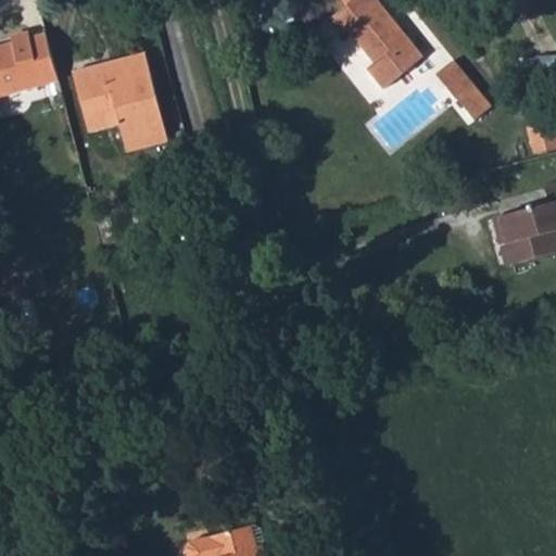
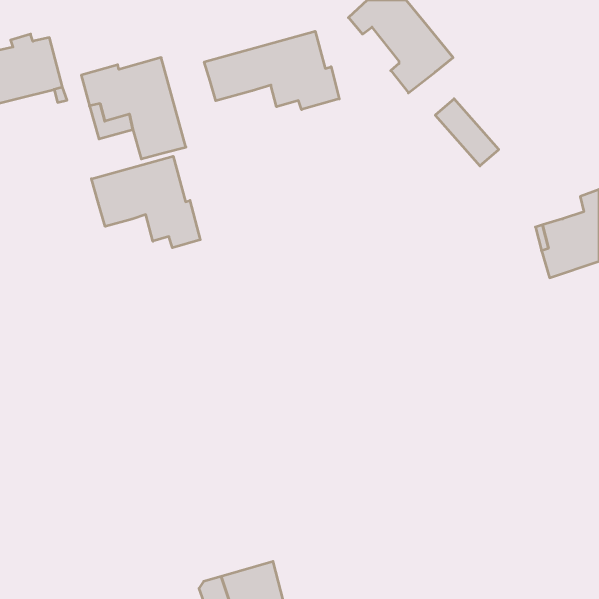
building: none -> [204,31,339,110]
building: [439,64,497,126] -> [435,99,499,166]
building: none -> [91,156,200,248]

